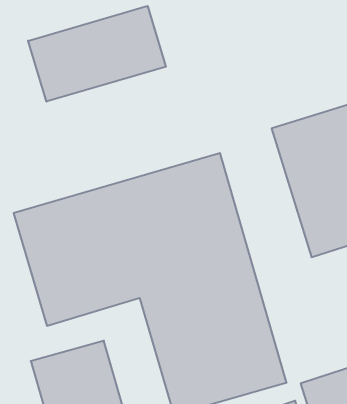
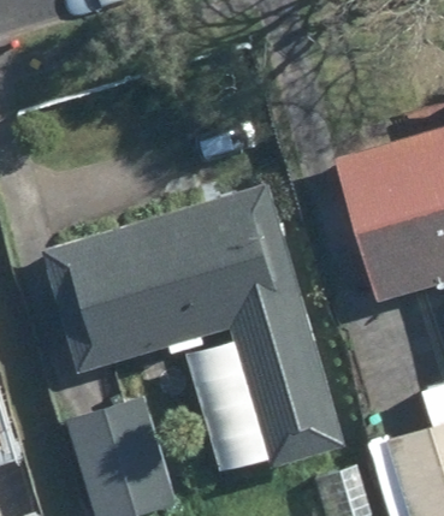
building: [28,6,166,102] -> none

